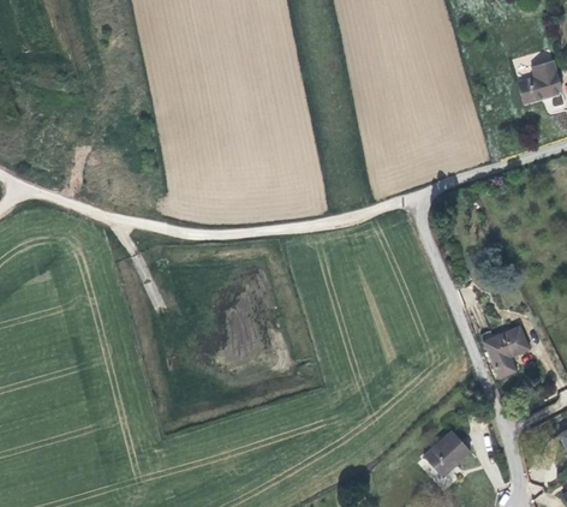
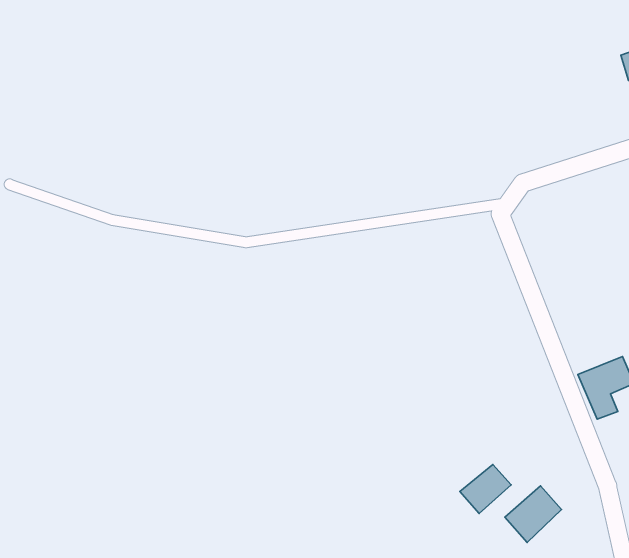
building: none -> [460,464,511,514]

